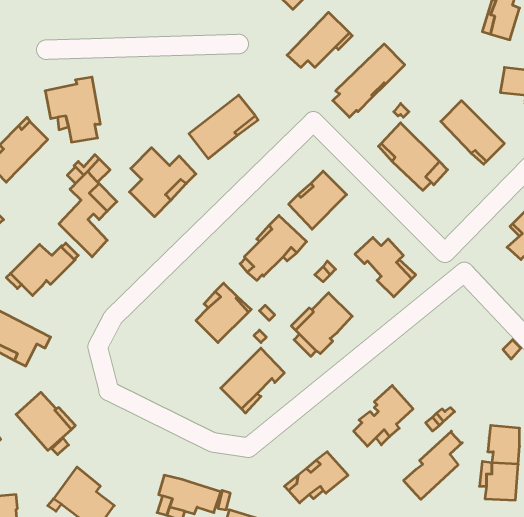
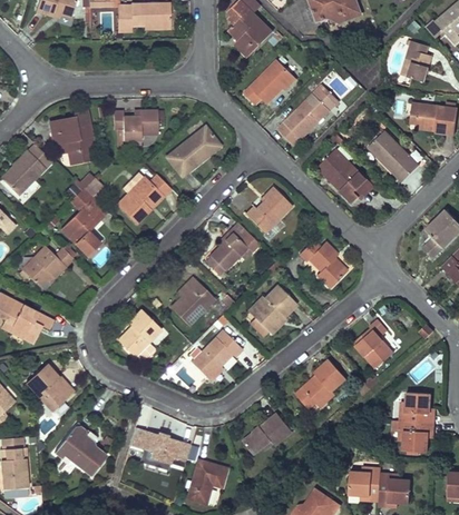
building: none -> [113,111,158,140]
building: none -> [117,309,160,357]
building: none -> [353,319,393,368]
building: [404,431,462,499] -> none

